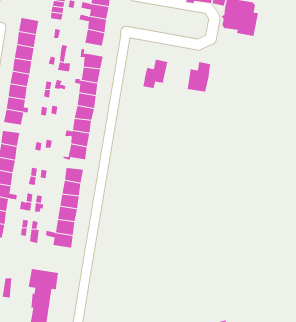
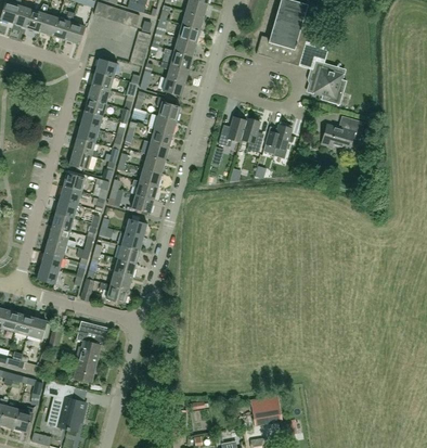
building: none -> [320,119,364,151]
building: none -> [240,119,263,154]

